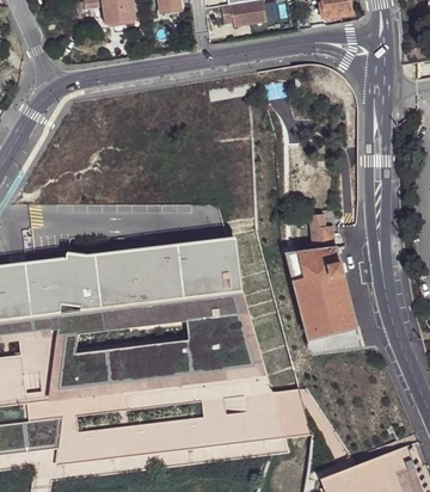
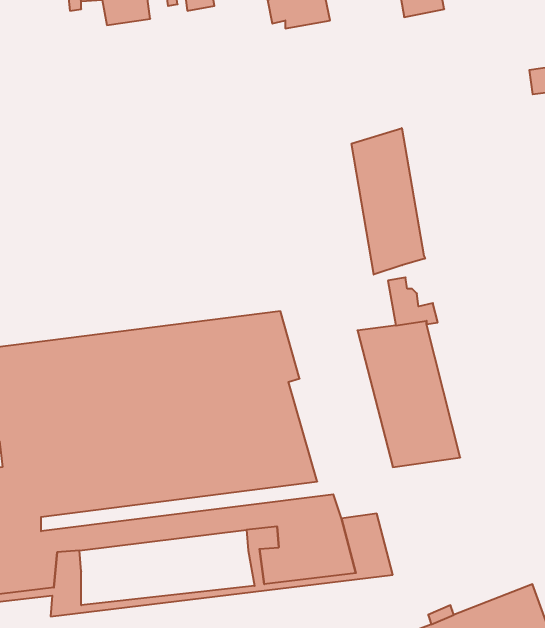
building: none -> [352,128,425,275]
building: [50,288,268,401] -> none
building: [80,416,209,456] -> none

